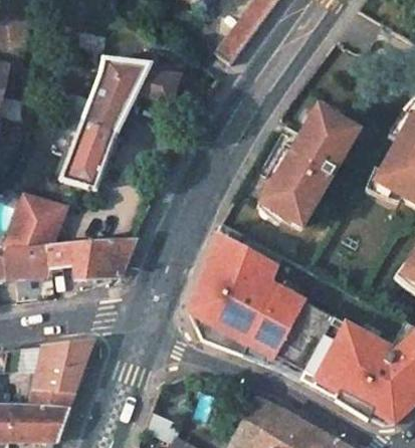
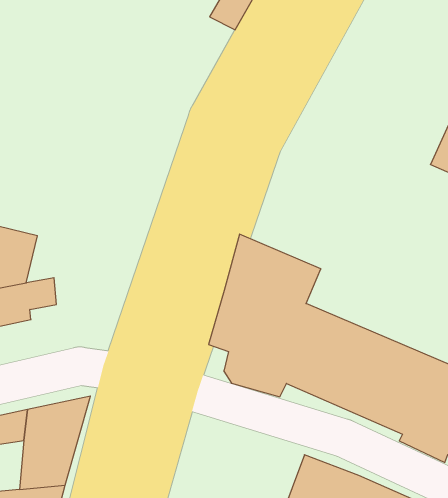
building: [60,58,177,192] -> none
building: [262,107,358,226] -> none
building: [73,238,135,280] -> none

